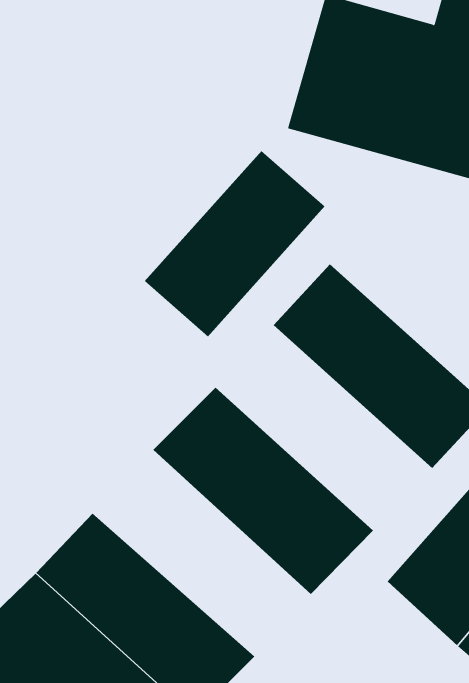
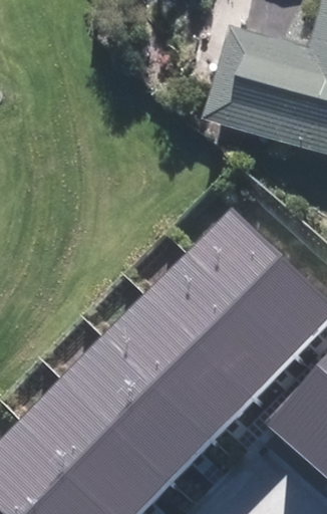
building: [144,150,326,337] -> none
building: none -> [151,250,300,391]
building: none -> [67,335,217,477]

